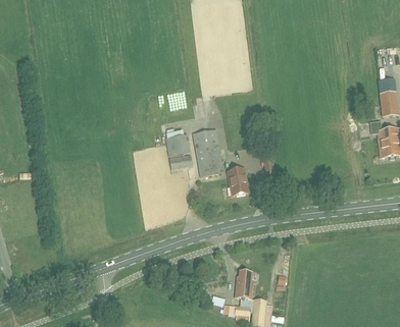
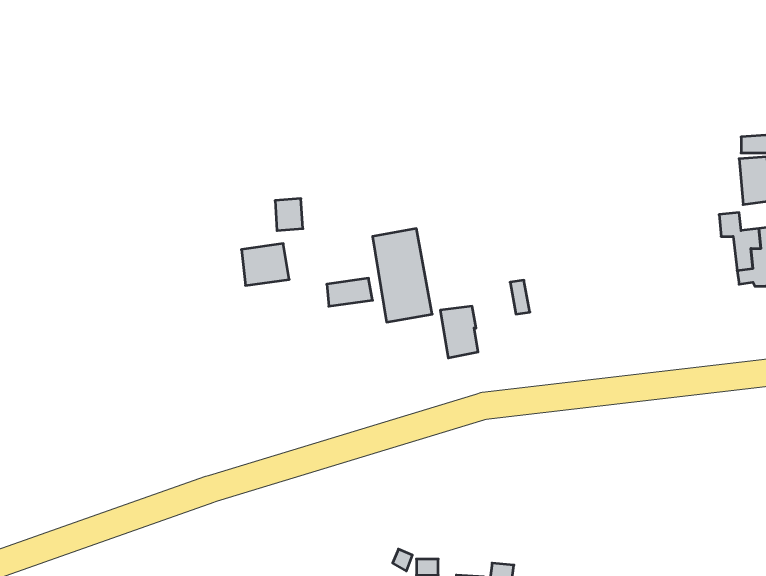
building: [166,133,191,155] -> [241,244,289,285]
building: [235,269,253,297] -> none

